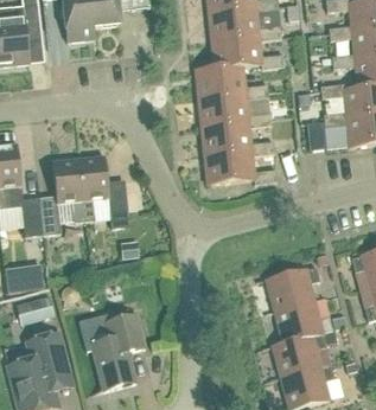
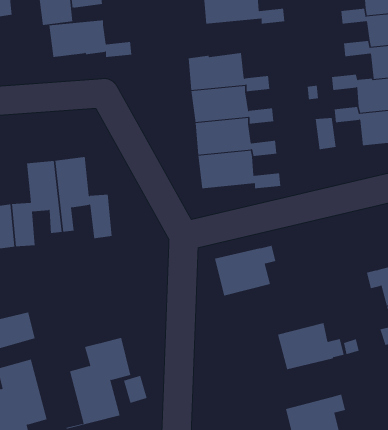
building: [210,34,283,68] -> [49,20,132,58]
building: [265,267,319,312] -> [214,245,276,296]
building: [270,333,325,377] -> none

